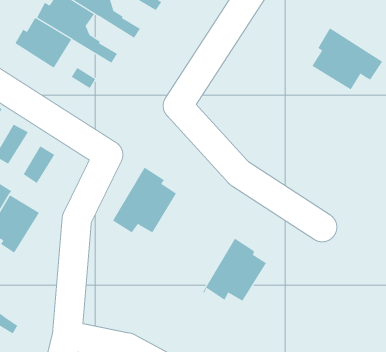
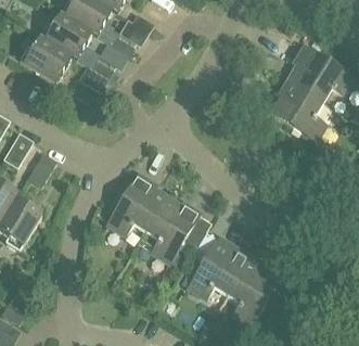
building: none -> [266,81,324,142]
building: none -> [145,196,211,264]
building: none -> [227,259,282,323]

